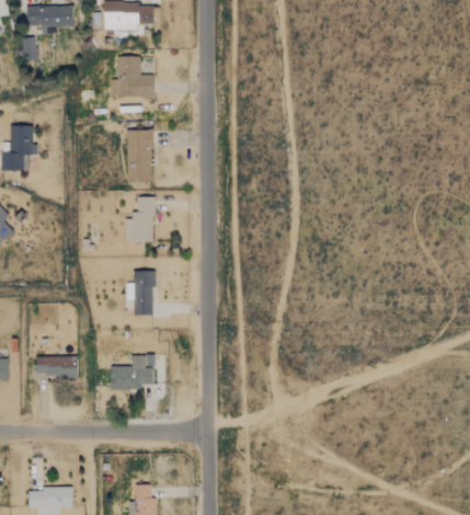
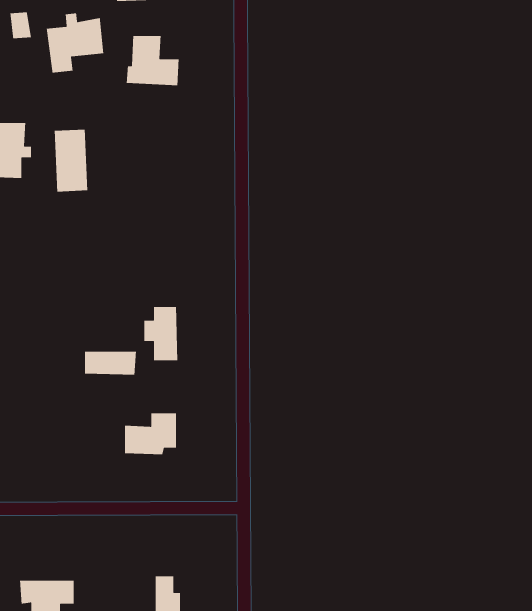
building: none -> [46,13,104,73]
building: [125,129,152,180] -> [54,129,88,192]
building: [125,196,153,241] -> none
building: [35,356,77,376] -> [84,351,137,376]

